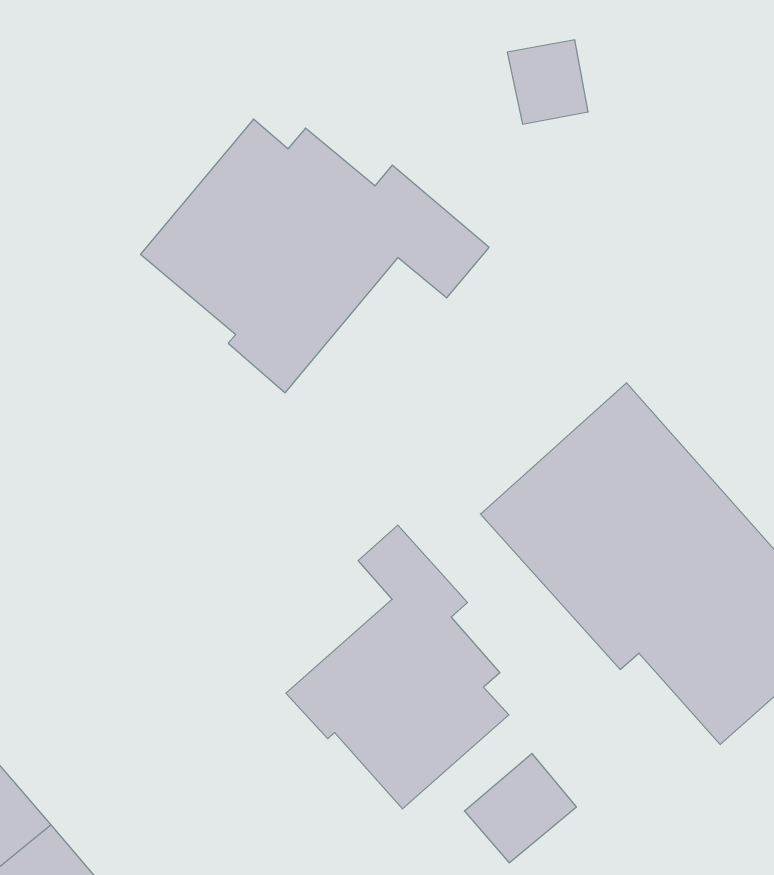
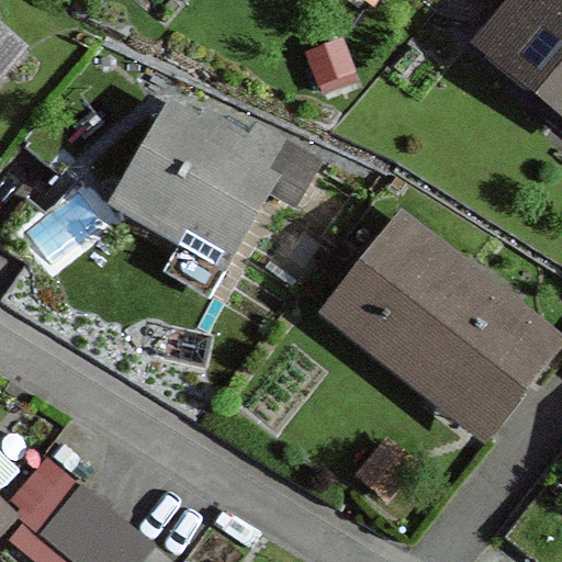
building: [286,525,509,809] -> none

